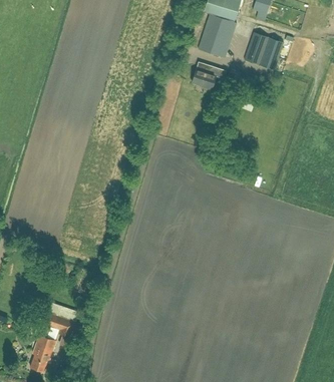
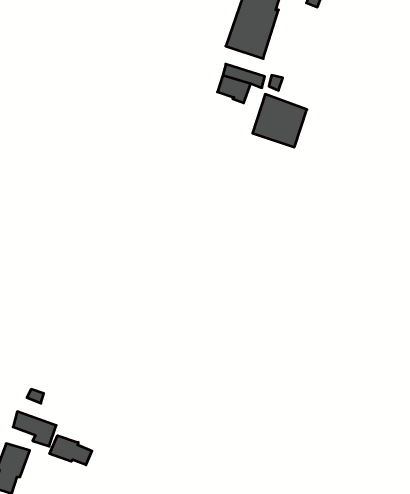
building: [244,31,283,69] -> [253,94,307,147]
building: none -> [50,436,92,465]

